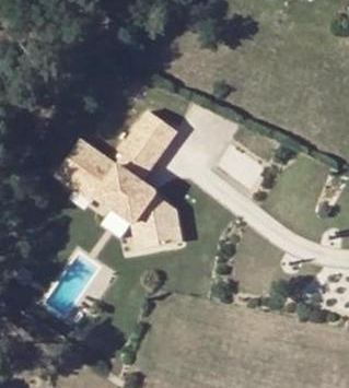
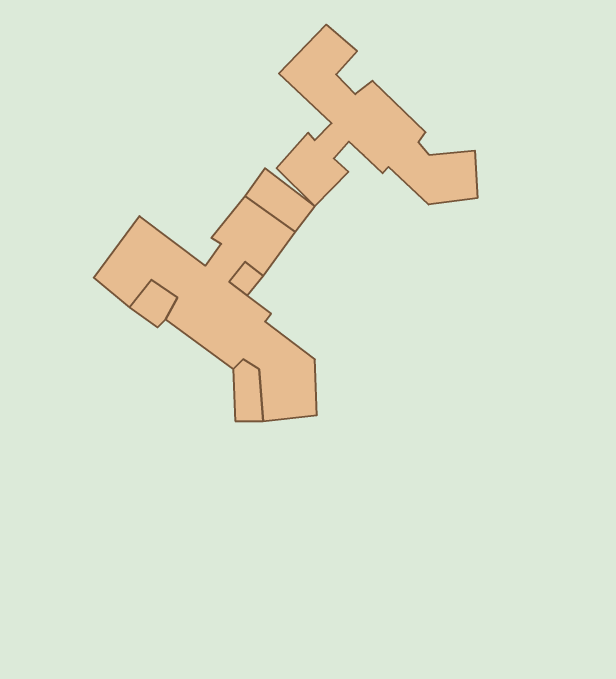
building: none -> [277,25,477,206]

